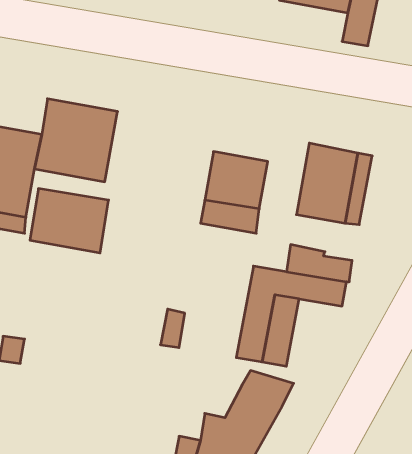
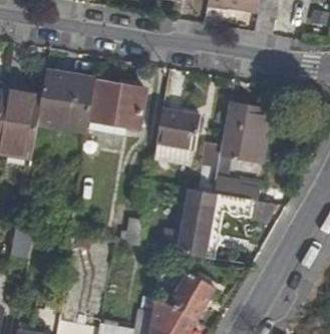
building: [30,189,109,253] -> [90,82,145,127]

